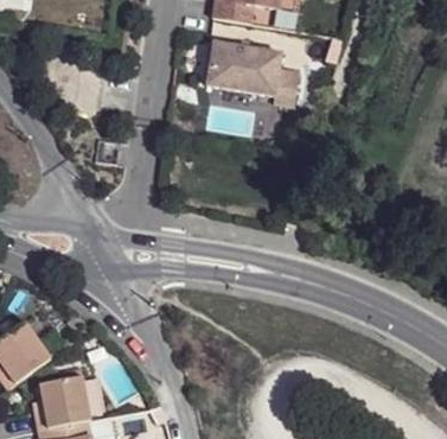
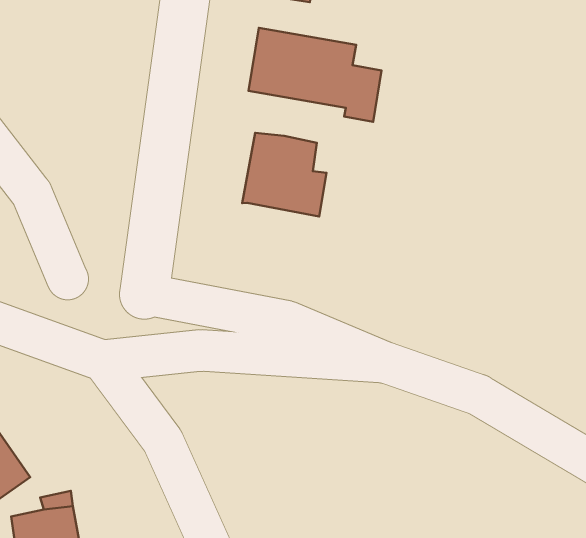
building: none -> [242,133,327,217]

